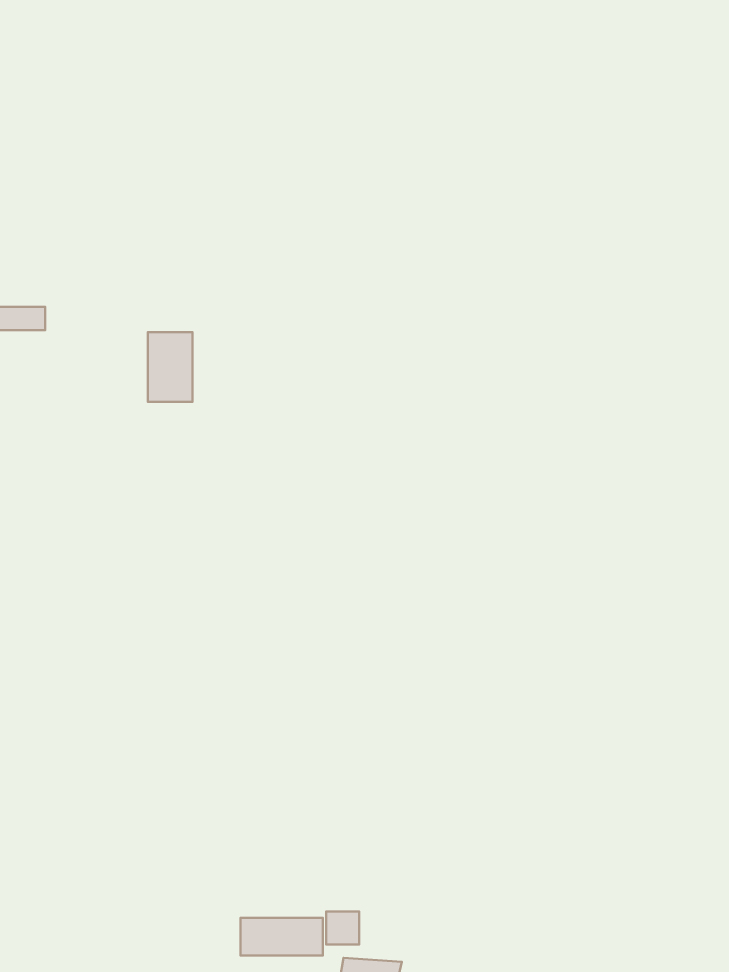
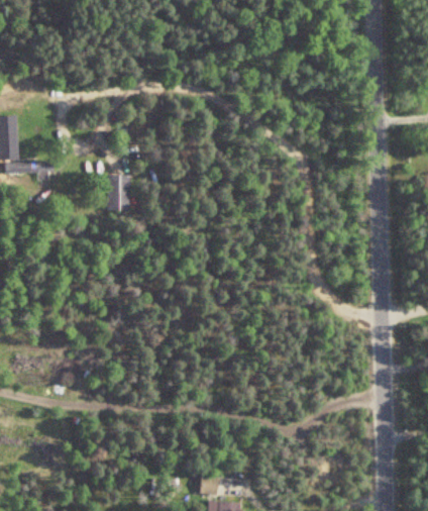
building: [241,918,323,956] -> none

